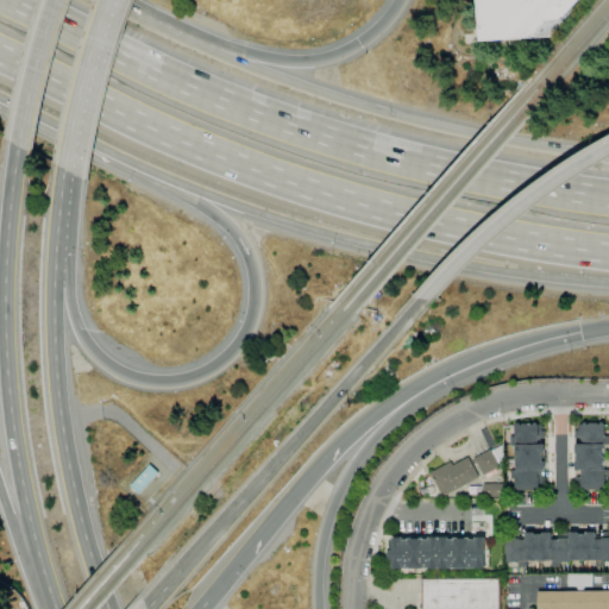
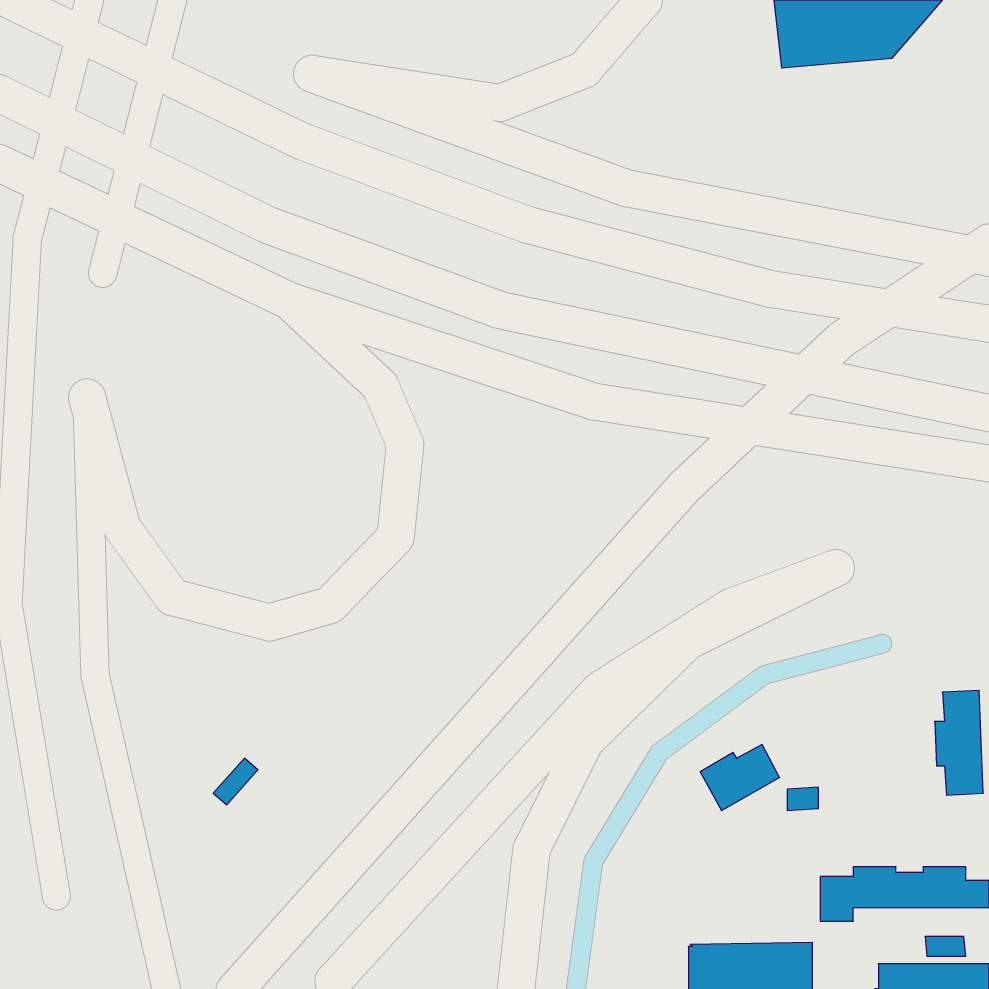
building: [515,427,544,490] -> none
building: [473,450,503,479] -> none
building: [384,534,484,567] -> none

